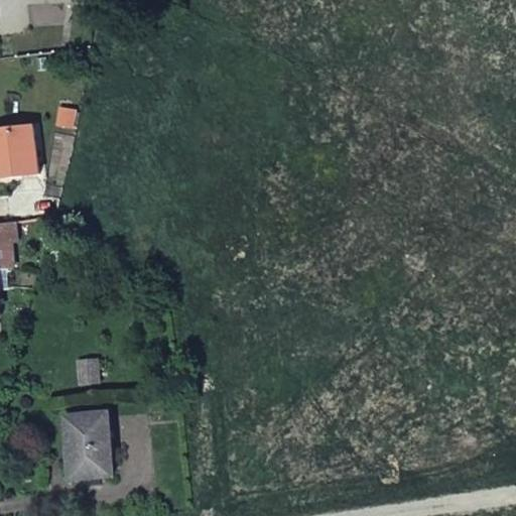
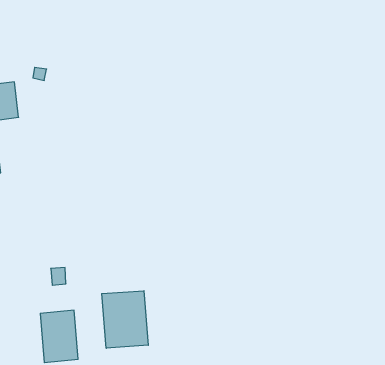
building: none -> [102,291,148,348]

